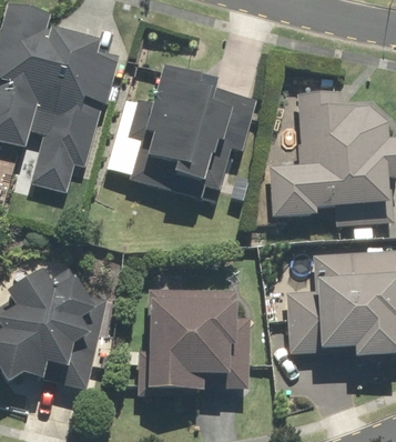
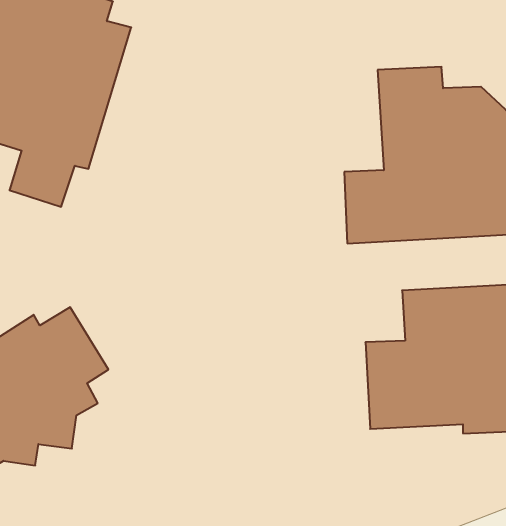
building: [108,68,258,199] -> none
building: [139,287,240,396] -> none

